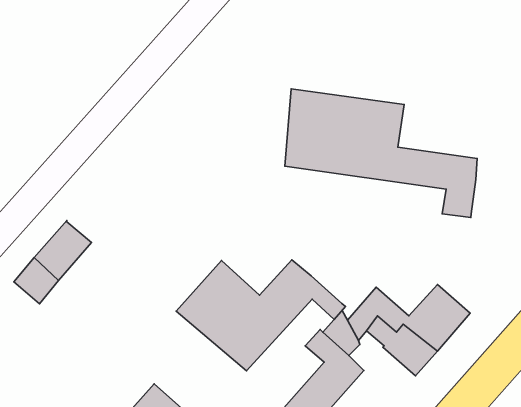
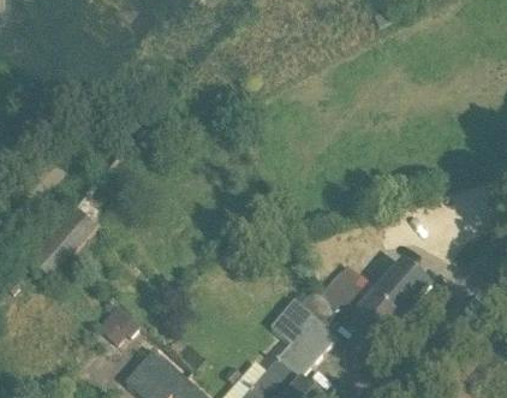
building: [285,89,477,218] -> none
building: [176,260,345,371] -> none
building: none -> [97,305,138,343]

